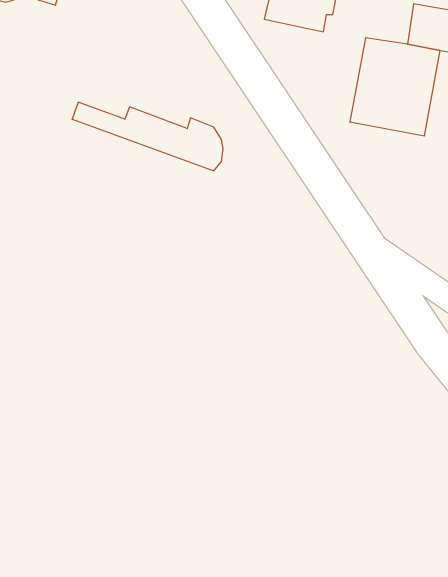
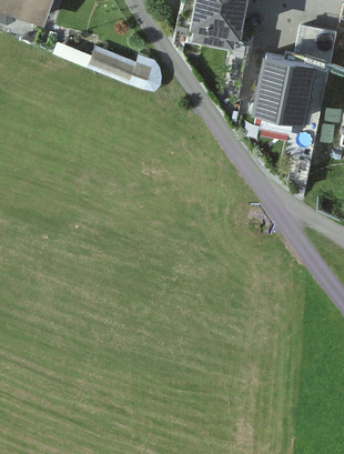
building: [72,102,223,171] -> [54,43,162,92]

